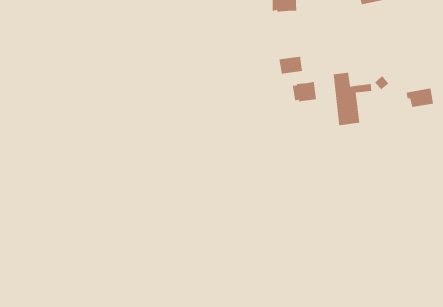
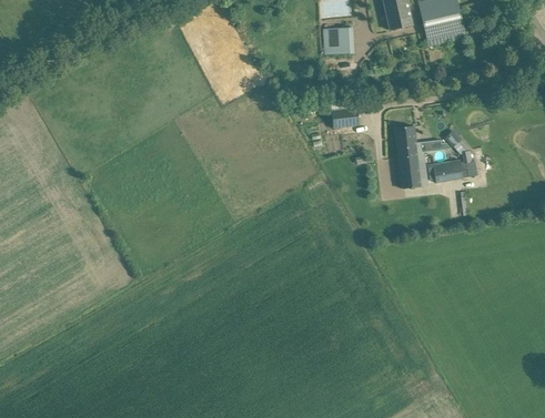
building: [292,81,316,102] -> none
building: [406,88,434,107] -> [430,159,463,182]

